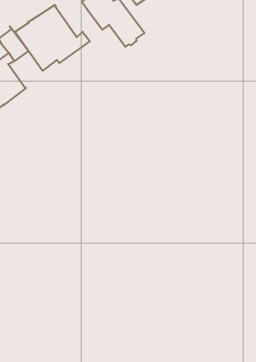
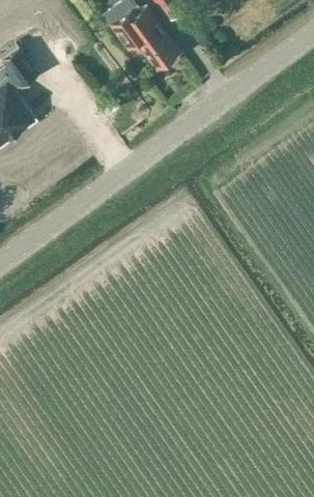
building: [15,5,90,71] -> none

